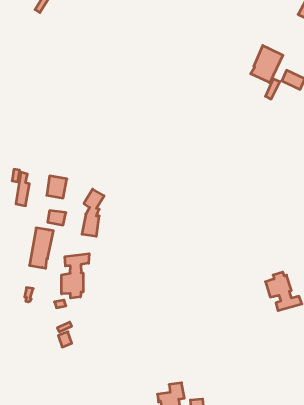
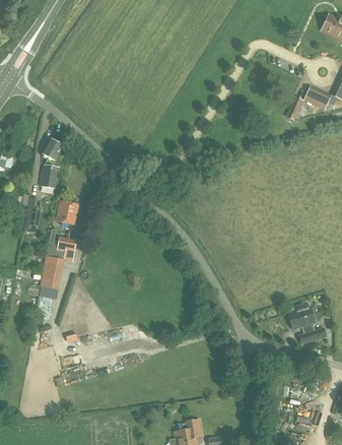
building: [251,45,283,83] -> none
building: [82,189,104,236] -> [40,137,63,187]
building: [62,254,89,298] -> none

